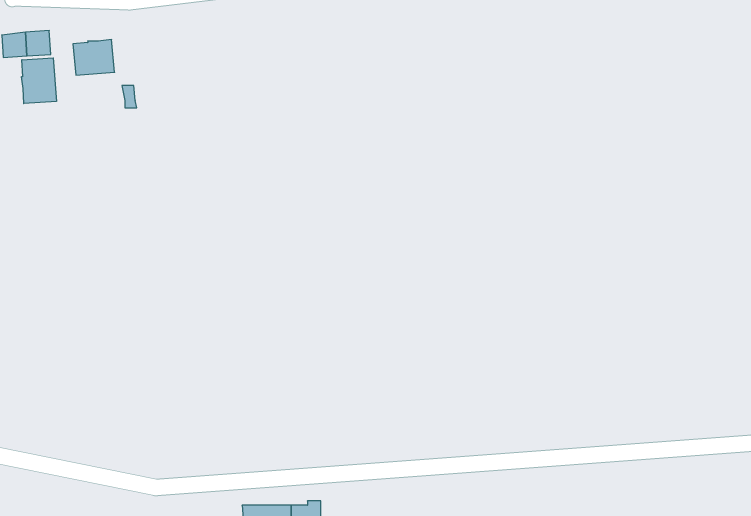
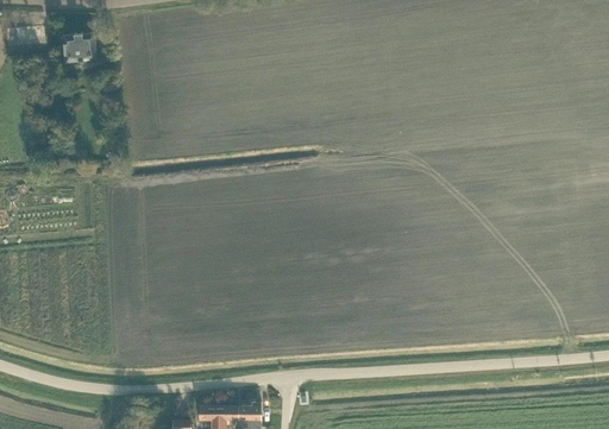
building: [21,58,56,104] -> none

